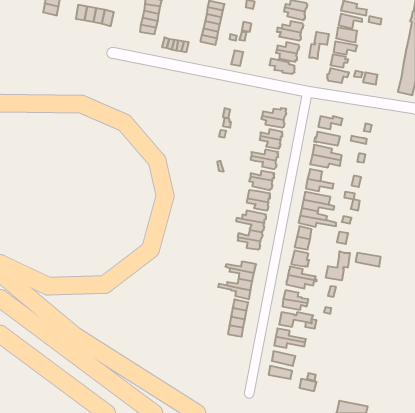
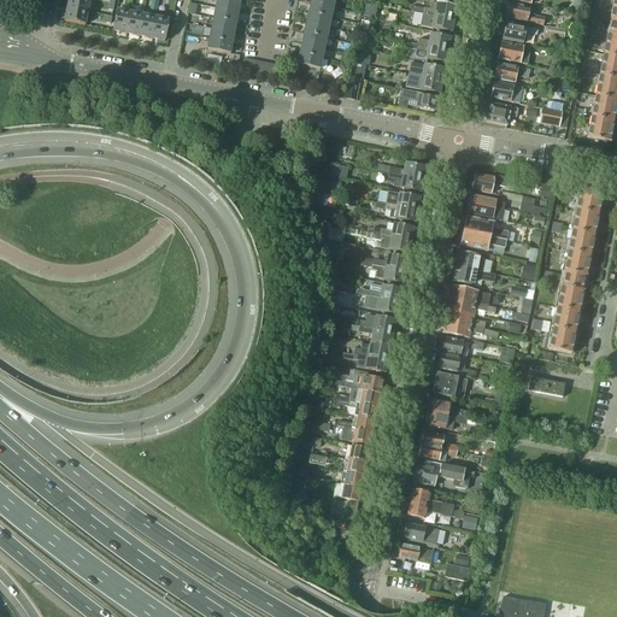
building: [309,32,329,59] -> none
building: none -> [550,187,603,351]
building: none -> [339,368,383,392]
building: [326,251,350,280] -> none

